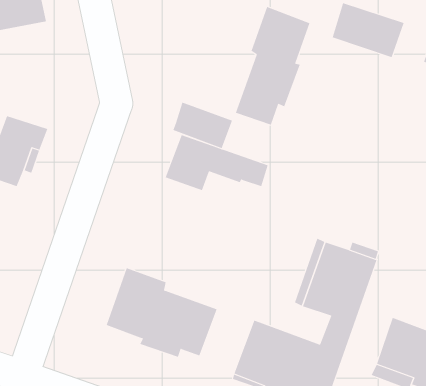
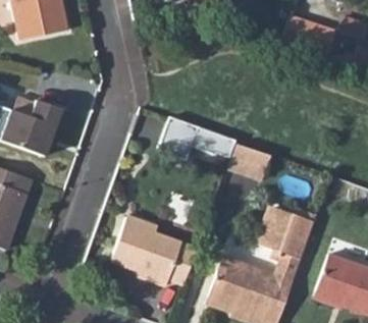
building: [235,6,310,125] -> none
building: [172,102,233,149] -> [227,139,273,174]

